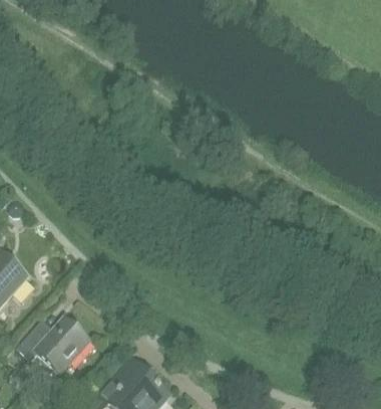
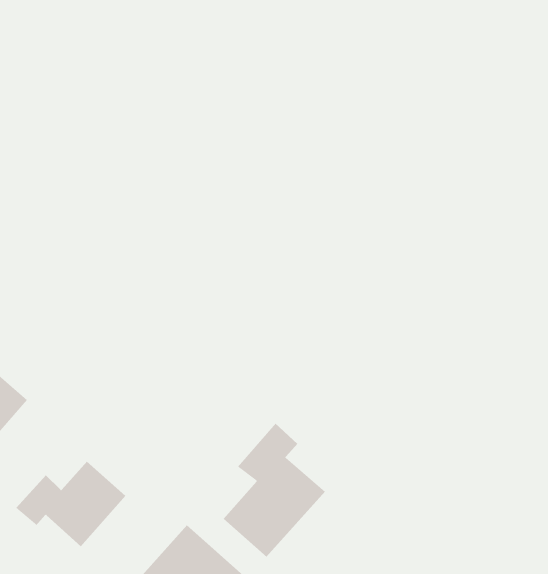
building: none -> [223,423,326,558]

